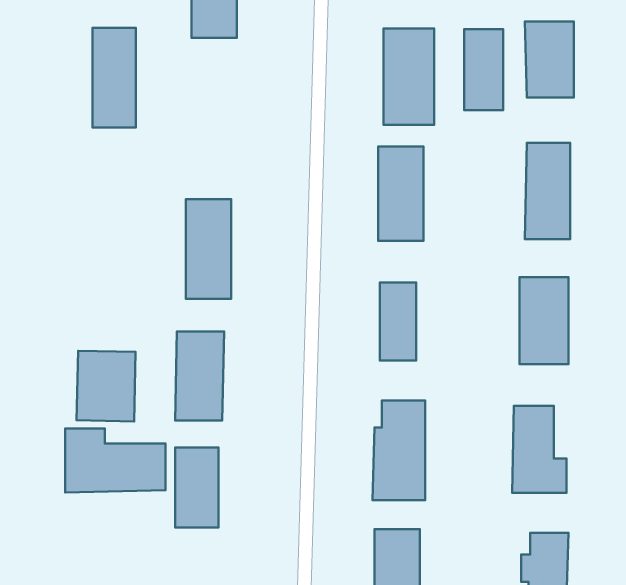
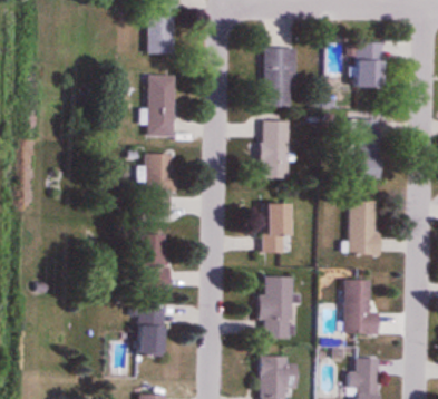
building: [92,28,136,128] -> [147,75,174,136]
building: [464,29,503,110] -> none
building: [77,351,136,421] -> none
building: [65,428,165,492] -> none

